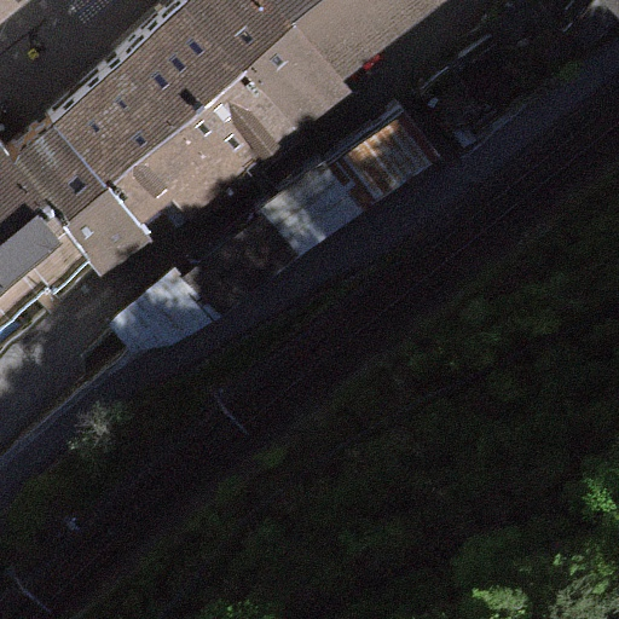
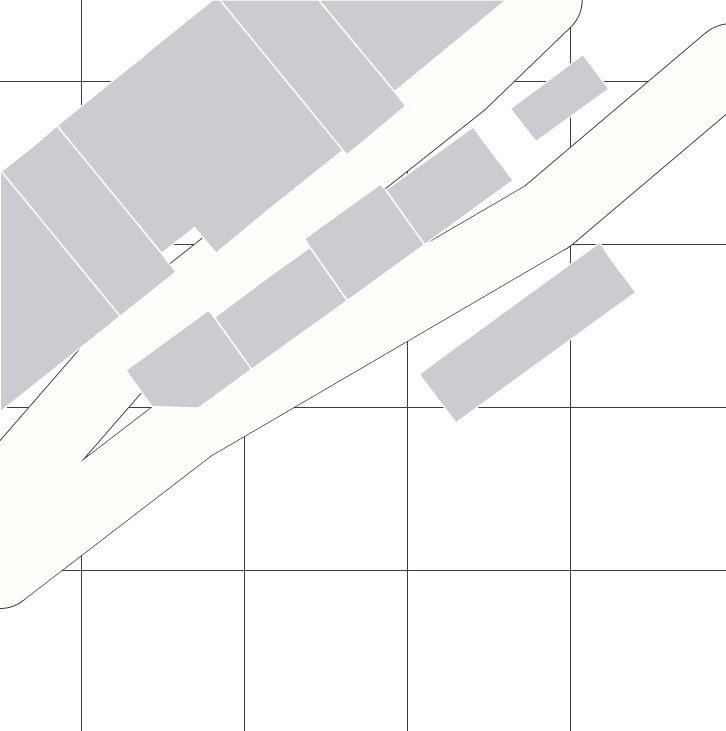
building: none -> [419,242,636,423]

